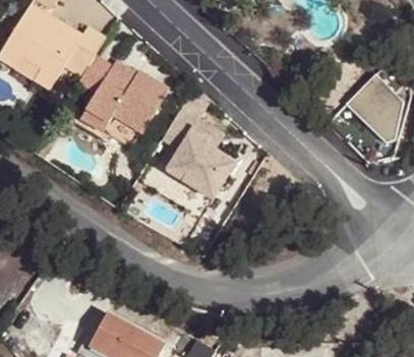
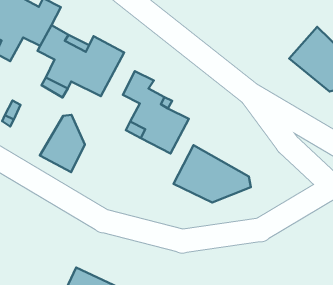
building: none -> [40,115,85,172]
building: none -> [173,145,251,202]

